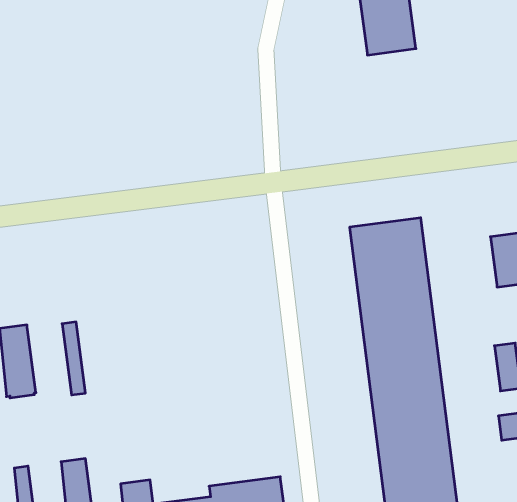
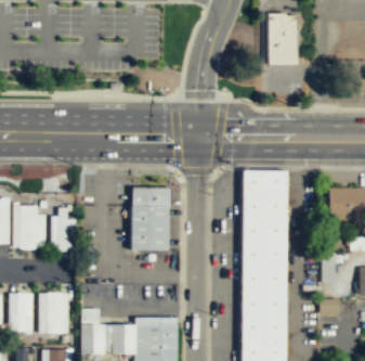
building: none -> [131,186,171,249]

